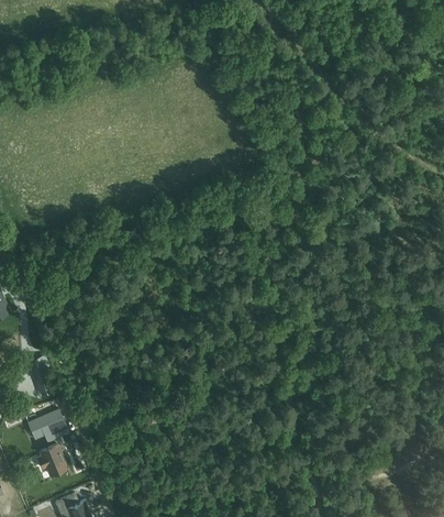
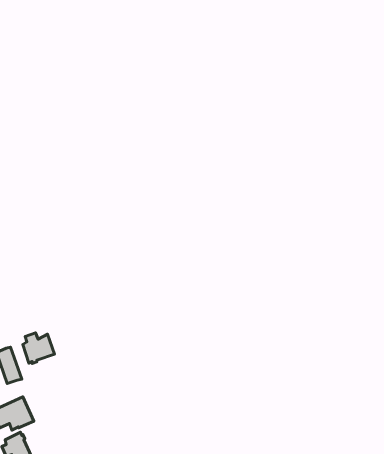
building: none -> [23,333,54,363]

